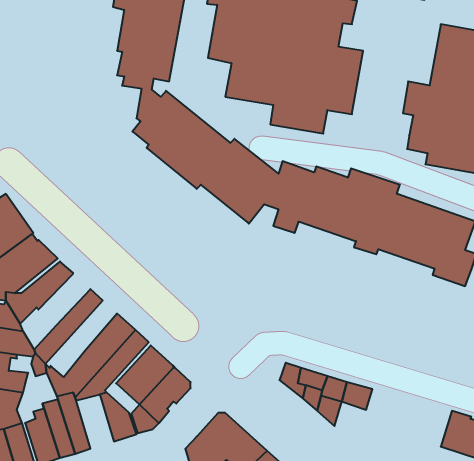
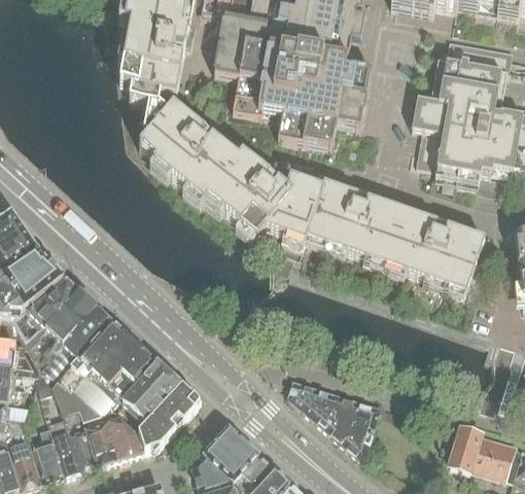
building: none -> [43,289,96,342]
building: none -> [56,319,122,393]
building: none -> [81,411,119,465]
building: none -> [342,418,374,460]

